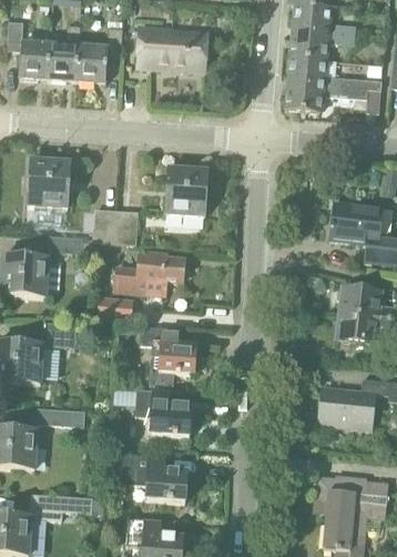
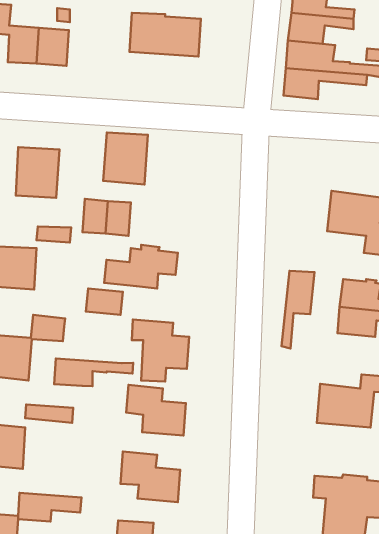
building: [78,27,124,82] -> none
building: [166,168,210,217] -> [103,133,148,184]
building: none -> [281,271,314,348]
building: none -> [54,359,133,386]

